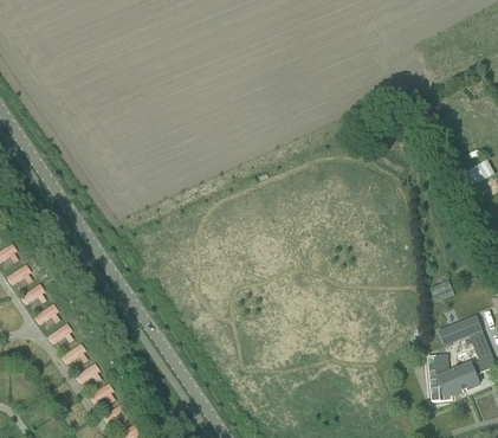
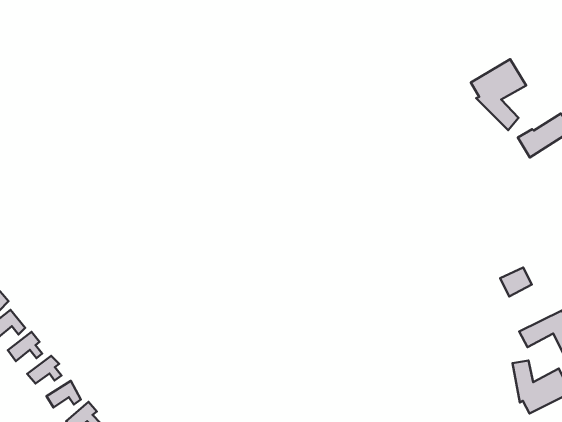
building: none -> [471,59,526,130]

